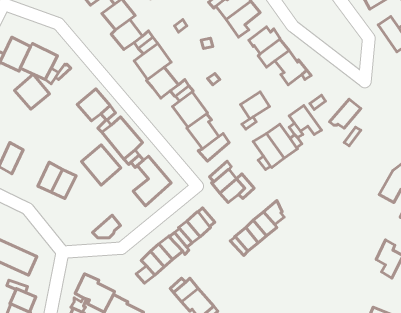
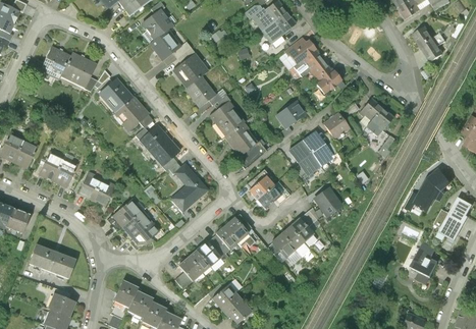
building: [14,74,50,109] -> [99,78,134,113]
building: none -> [356,99,383,132]
building: [82,145,121,185] -> [111,200,150,239]
building: none -> [51,158,76,187]
building: none -> [312,186,345,220]

